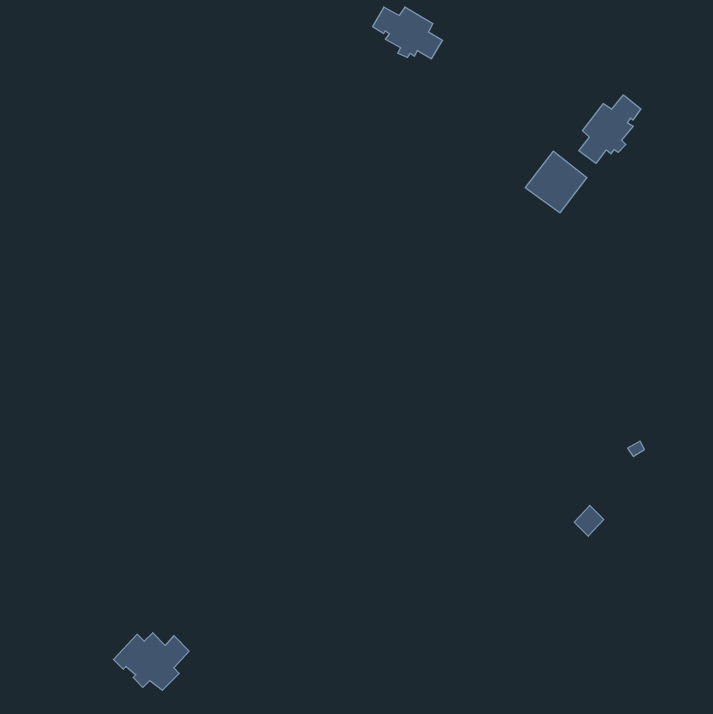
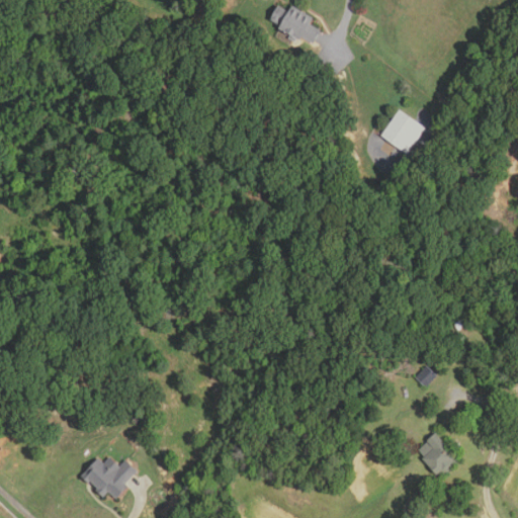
building: [579,95,641,163] -> none
building: none -> [416,433,458,478]

